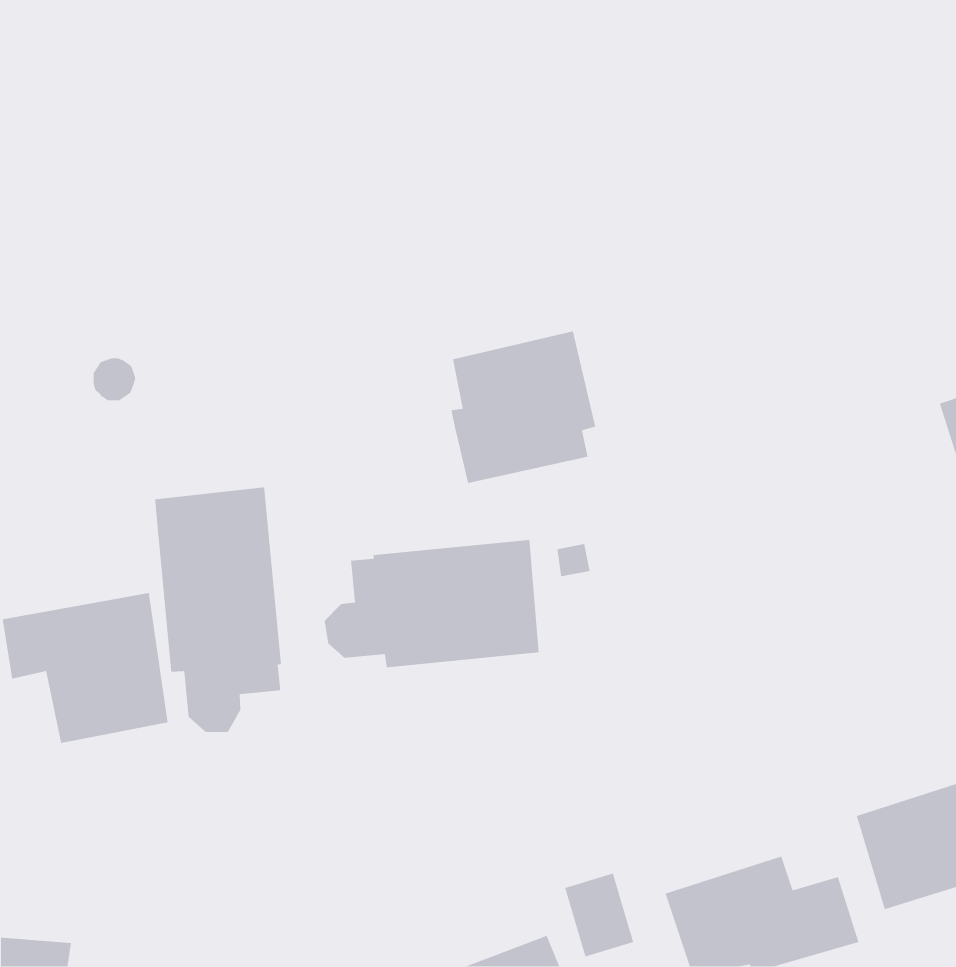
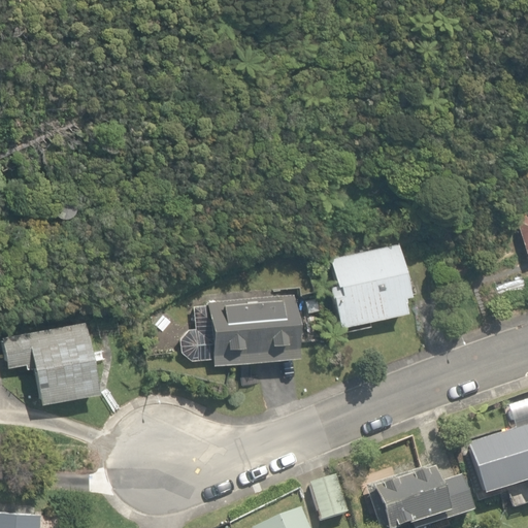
building: [450,331,596,484] -> [332,242,411,326]
building: [154,487,282,733] -> none

